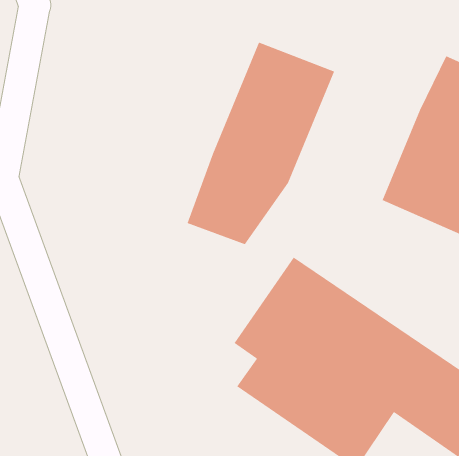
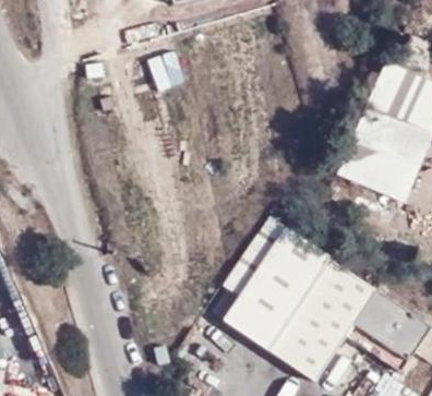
building: [187,42,335,245] -> none

